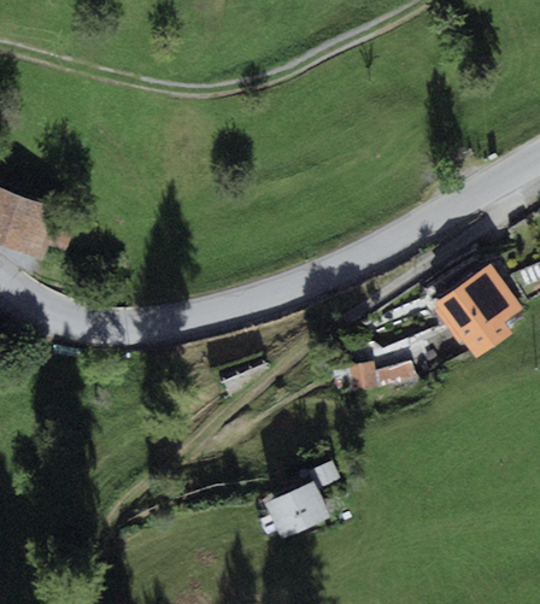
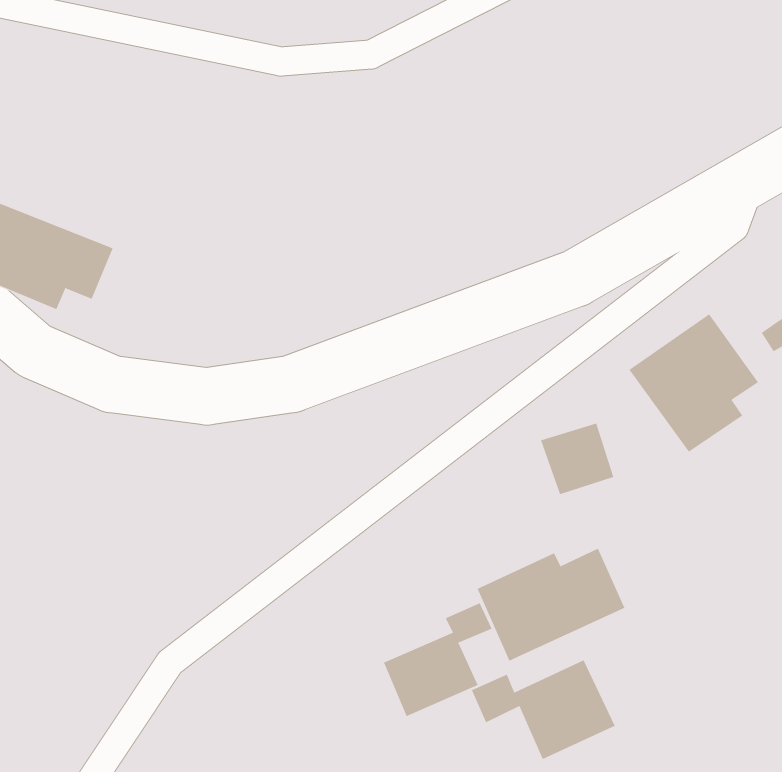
building: none -> [477,548,625,662]
building: none -> [471,660,615,760]

